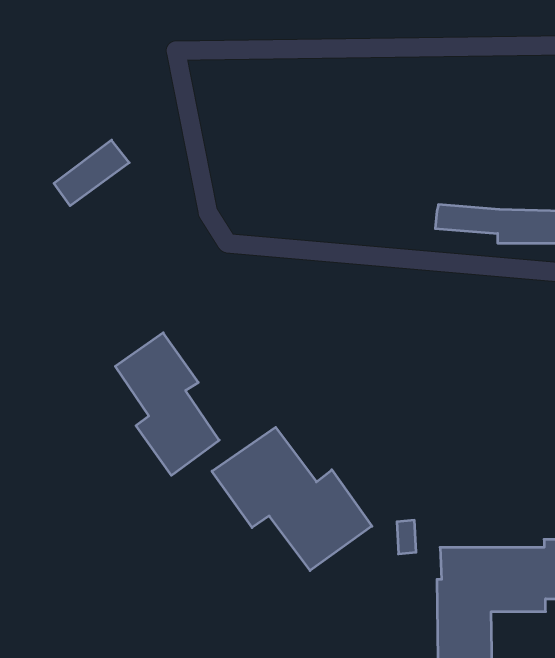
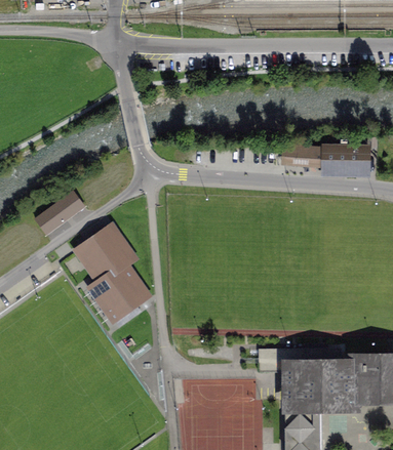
building: [54,140,129,206] -> [35,191,83,233]
building: [212,427,372,571] -> none

